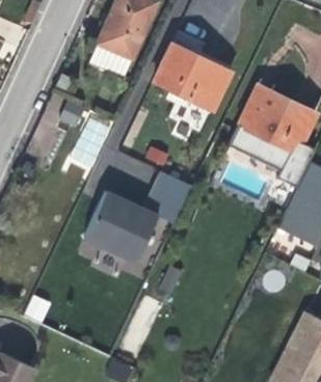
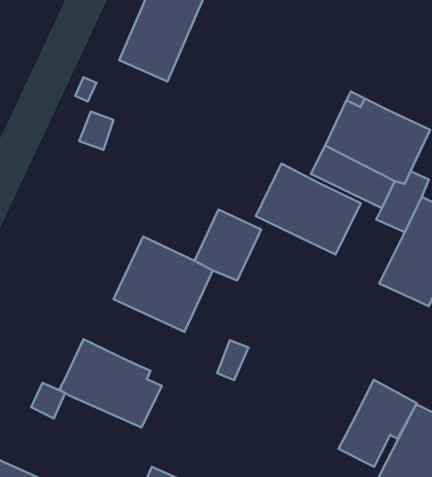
building: [154,43,231,109] -> [256,163,361,254]
building: none -> [60,339,162,428]
building: none -> [339,380,417,467]

